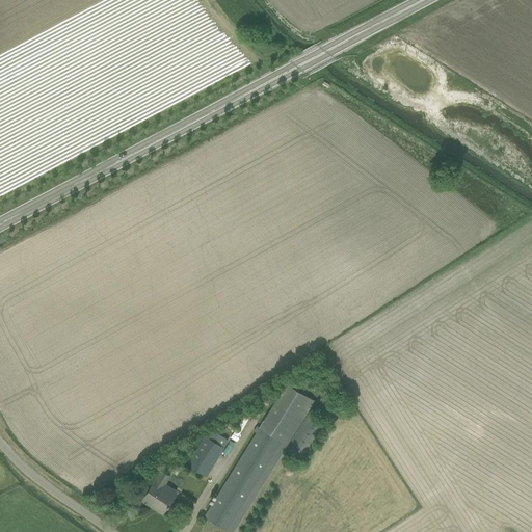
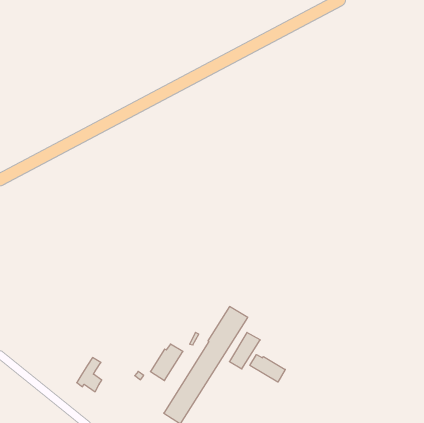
building: none -> [250,355,285,382]
building: [142,471,174,513] -> [77,358,102,392]

